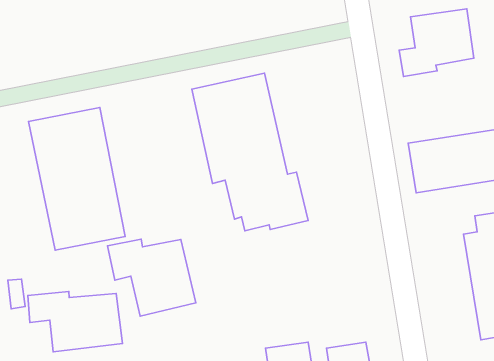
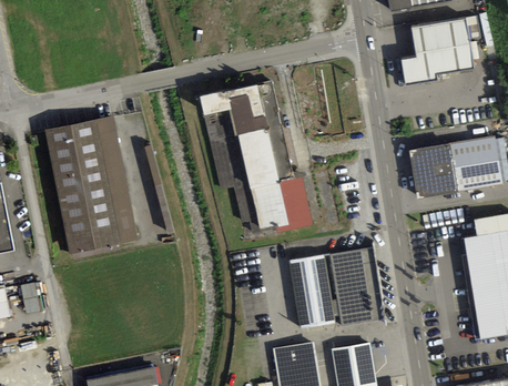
building: [107,239,196,316] -> none
building: none -> [288,246,384,327]
building: [28,292,123,352] -> none

